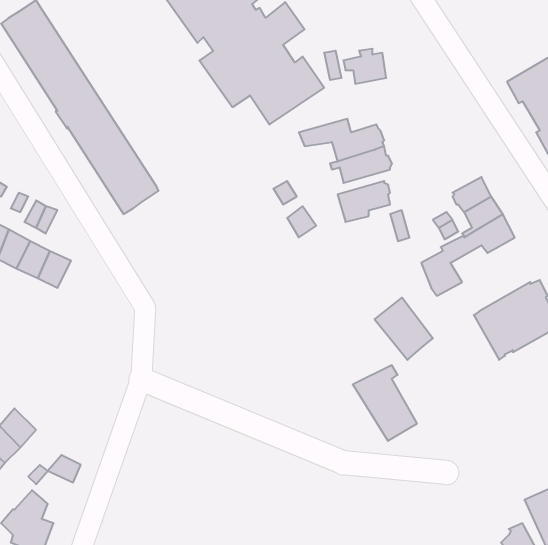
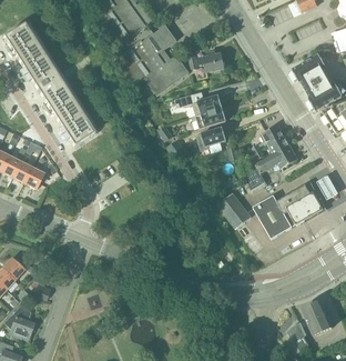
building: [353,365,417,441] -> [252,194,288,238]

